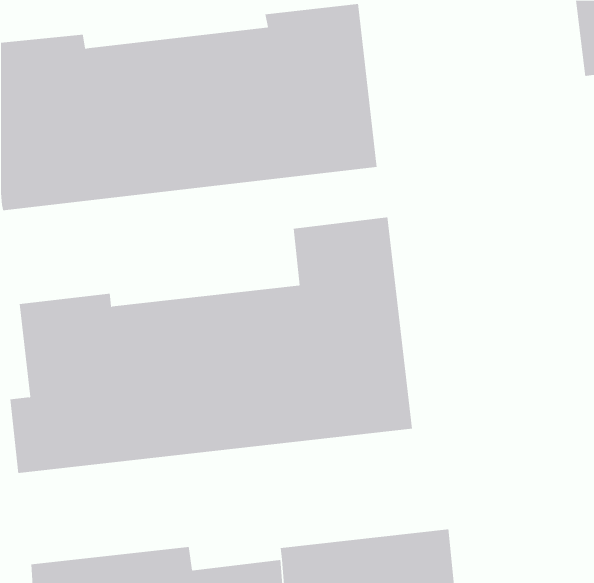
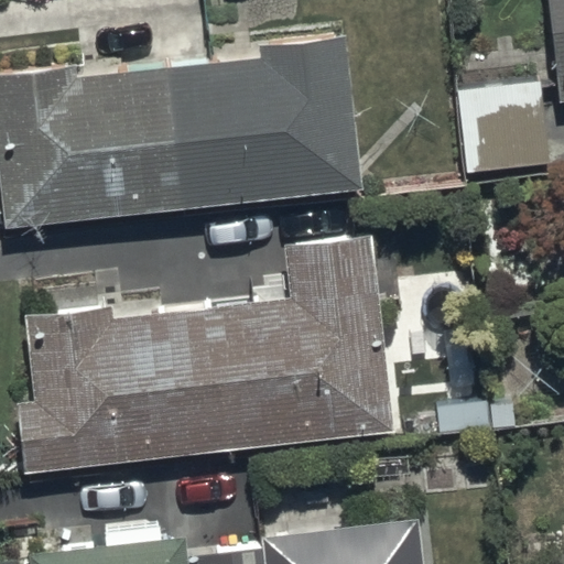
building: none -> [458,73,546,162]

